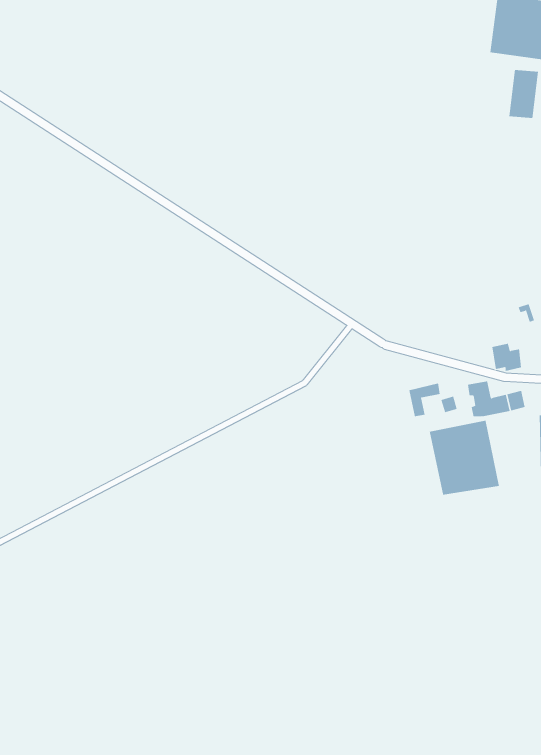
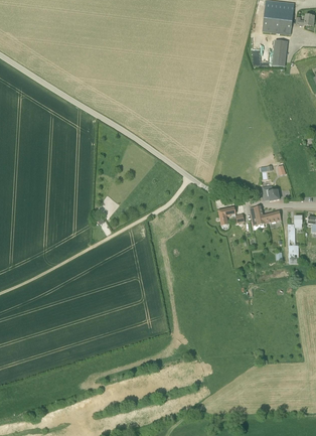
building: [429,420,500,496] -> none

